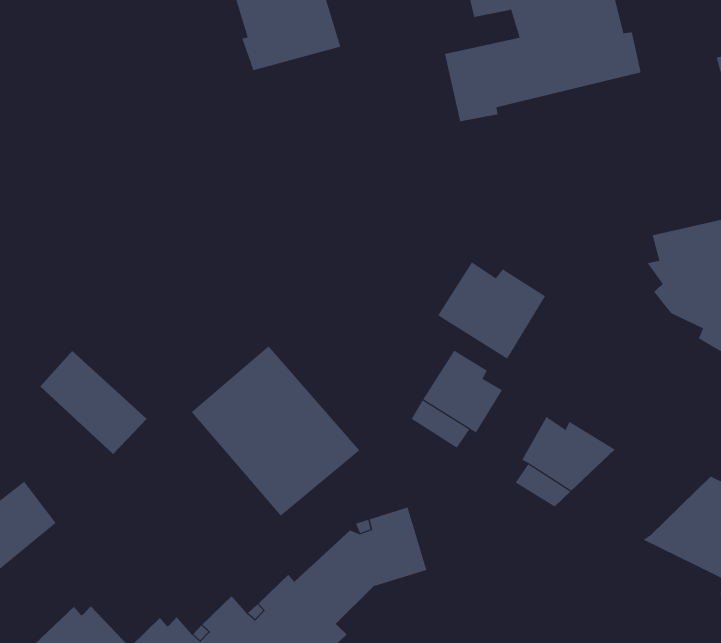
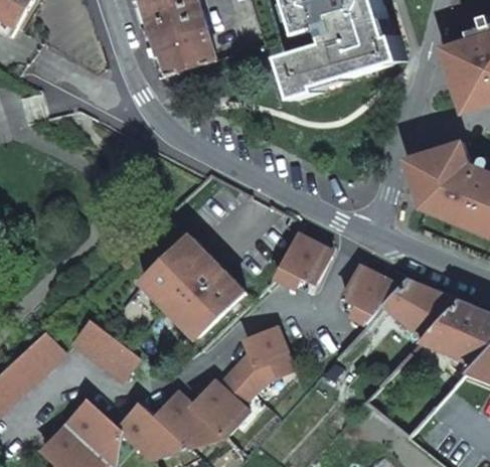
building: [437,262,546,359] -> none
building: [40,350,147,455] -> [71,318,138,379]
building: none -> [385,280,459,338]

